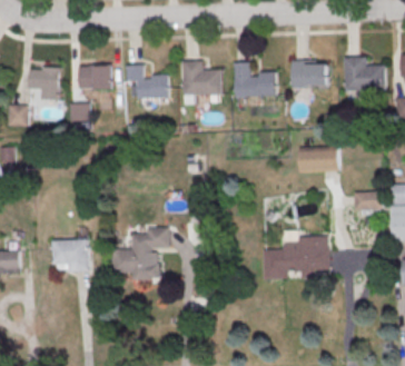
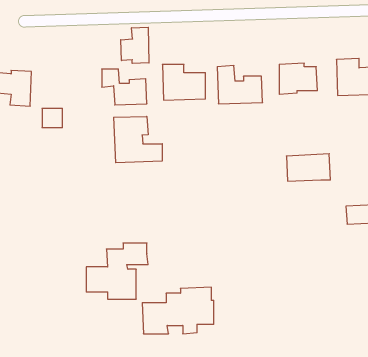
building: none -> [121,27,149,63]
building: [78,66,111,89] -> none
building: none -> [114,116,162,163]
building: [263,236,329,279] -> [142,287,214,334]
building: [51,239,88,273] -> none

